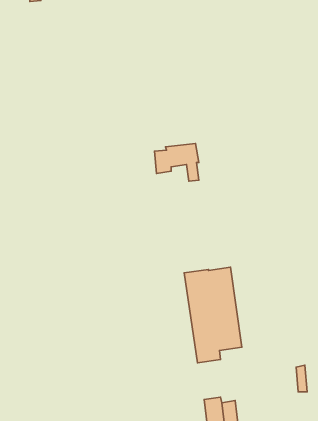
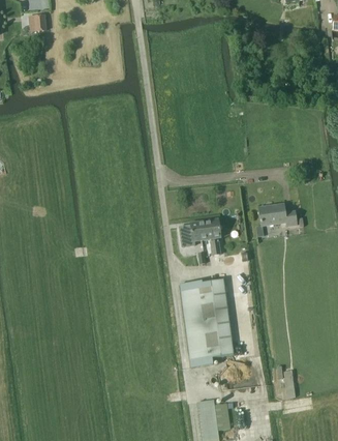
building: [154,143,199,181] -> [179,218,220,254]
building: none -> [257,203,296,225]

